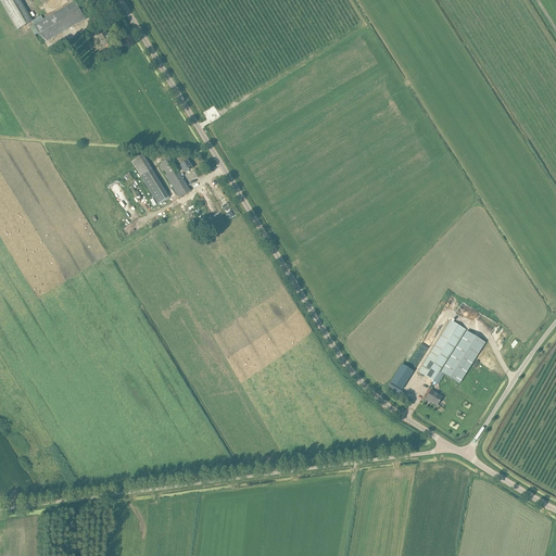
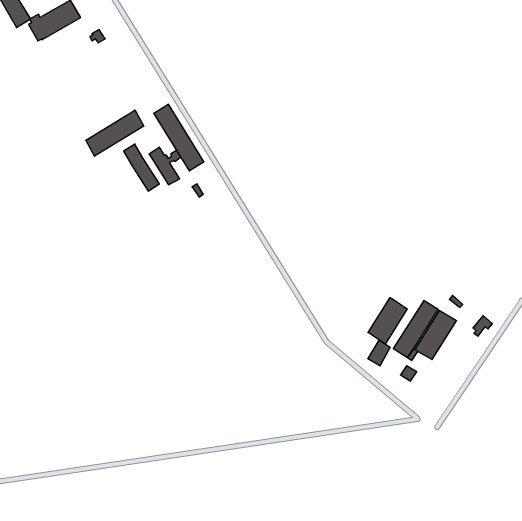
building: none -> [154,104,204,171]
building: none -> [86,110,144,156]
building: none -> [368,298,407,344]

